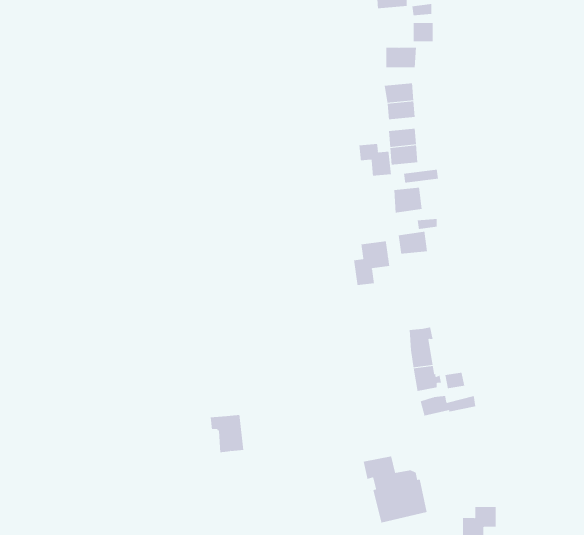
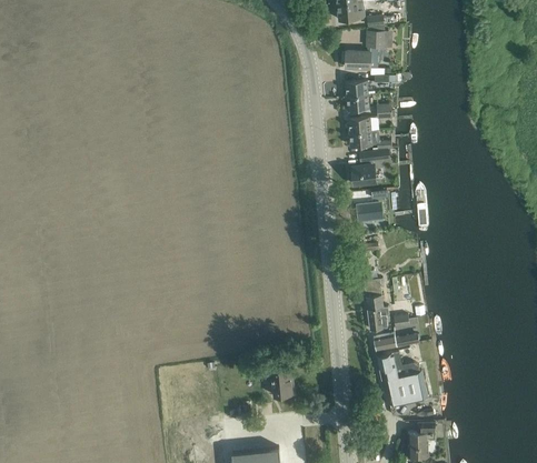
building: [359,143,391,177] -> none
building: [353,240,390,286] -> none
building: [210,414,244,453] -> [267,368,295,399]
building: [363,456,427,523] -> [376,353,428,407]

